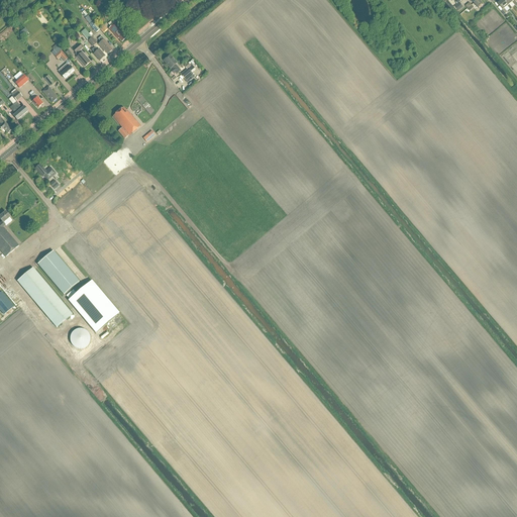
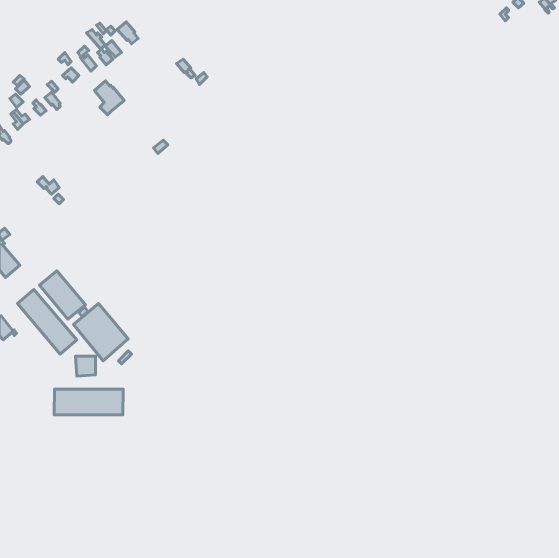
building: [112,106,139,137] -> [94,81,124,115]
building: none -> [54,389,123,415]

